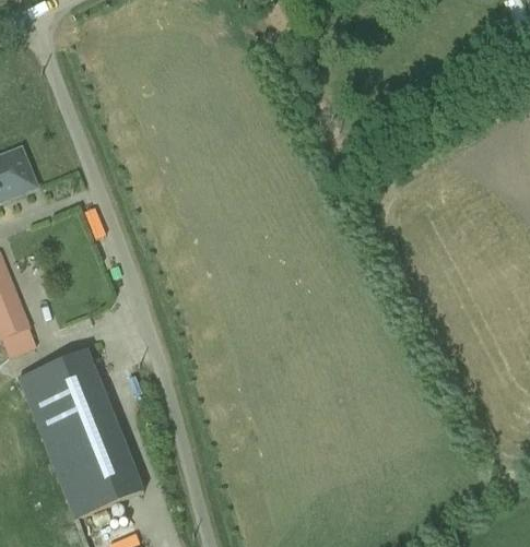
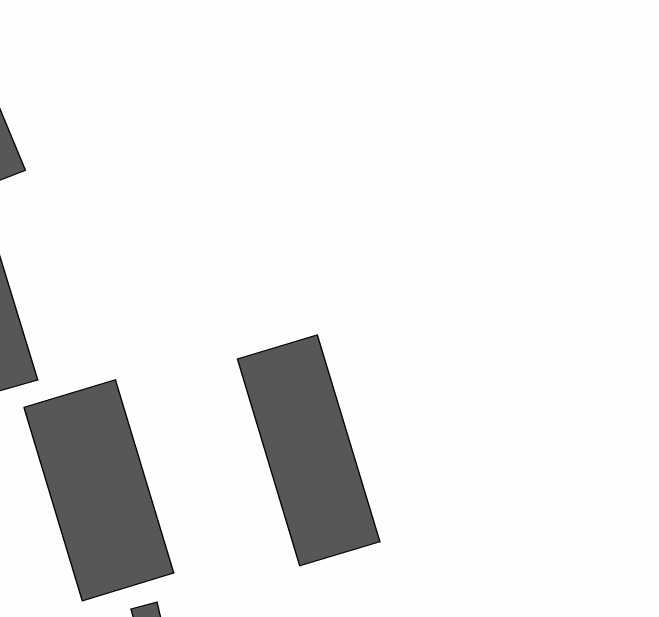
building: none -> [237,335,380,566]

